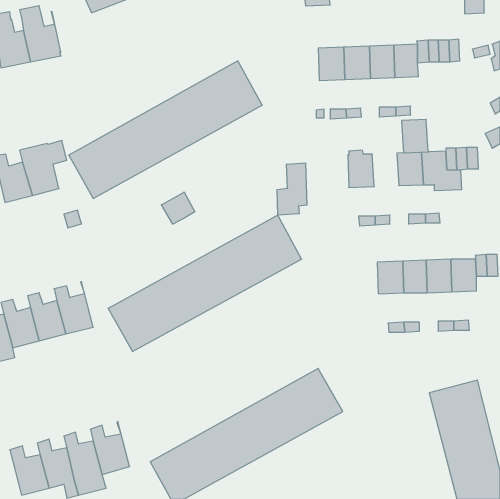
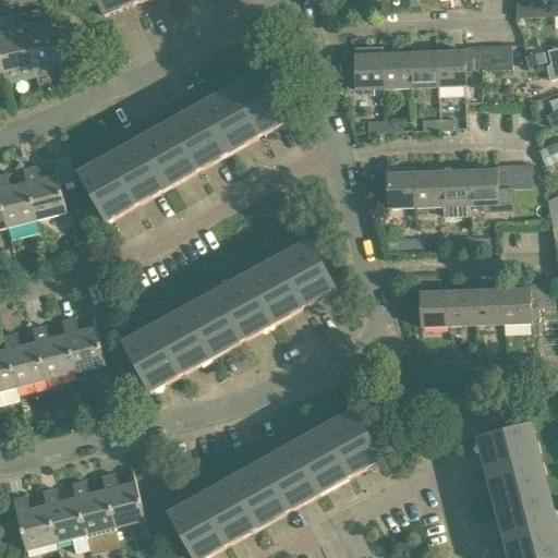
building: [402,120,428,153] -> [413,170,442,207]
building: [277,163,307,215] -> none
building: [161,192,195,224] -> none

